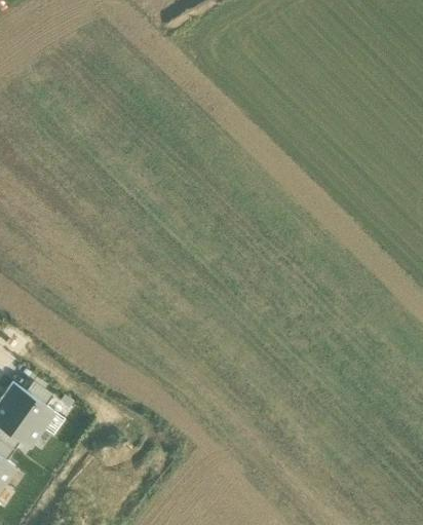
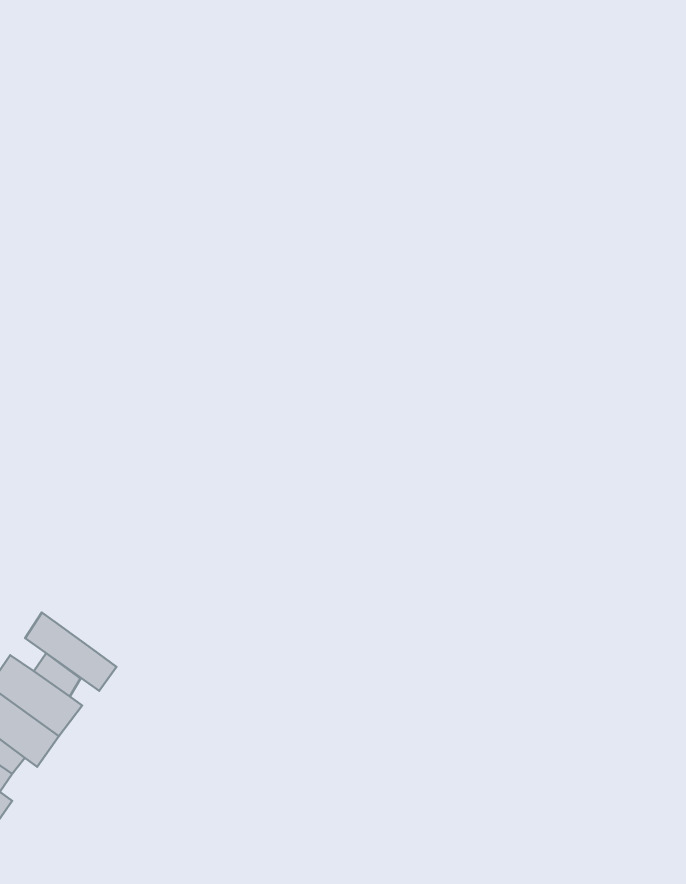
building: none -> [25,613,117,691]

